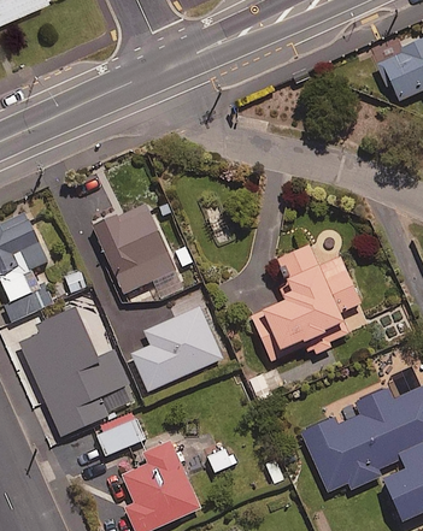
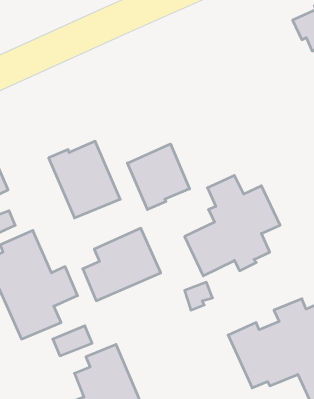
building: none -> [127,144,190,210]

